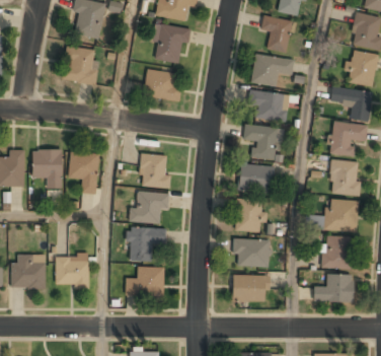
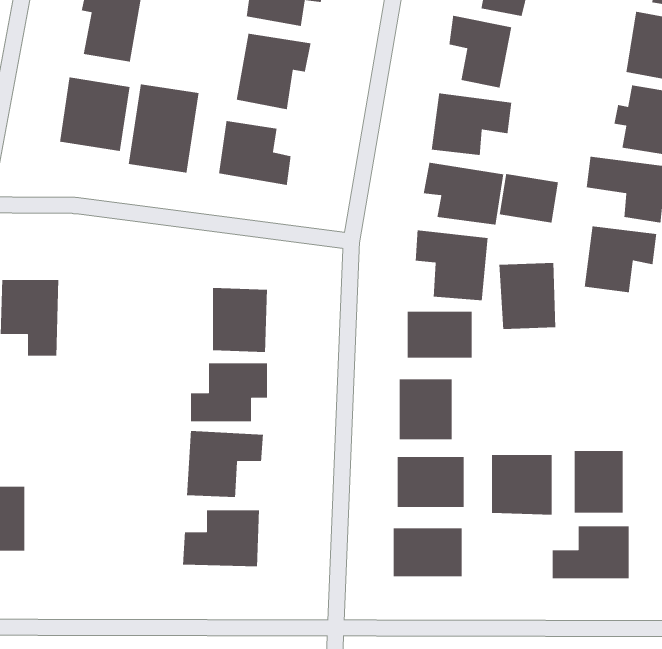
building: none -> [128,84,199,173]
building: none -> [499,173,559,223]
building: [69,151,98,193] -> none
building: [329,160,359,195] -> [499,262,556,330]
building: [326,200,358,231] -> [491,454,553,516]
building: [55,255,88,286] -> none

